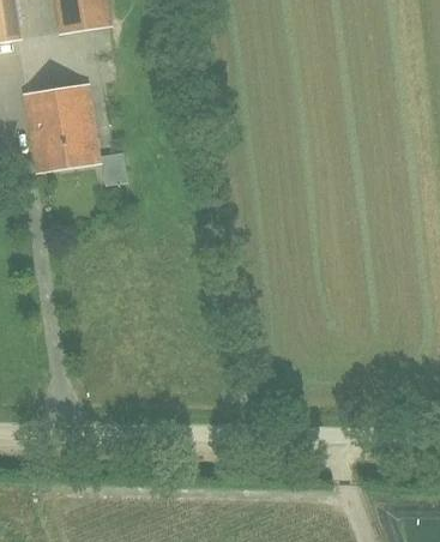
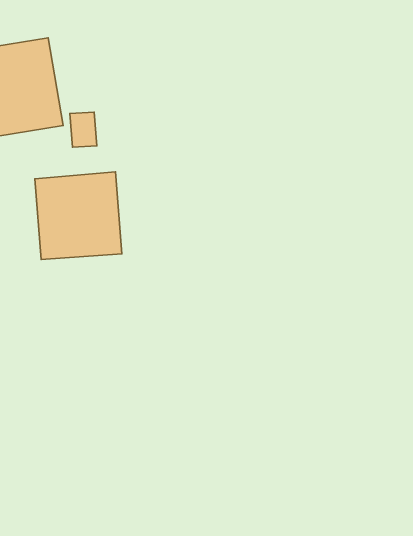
building: none -> [35,172,122,259]

